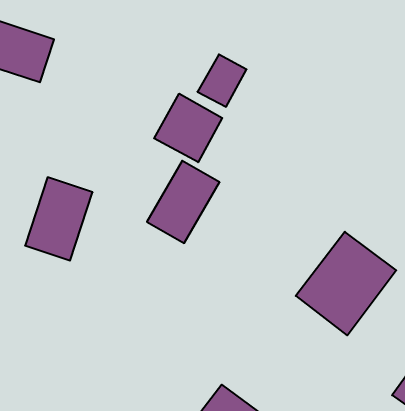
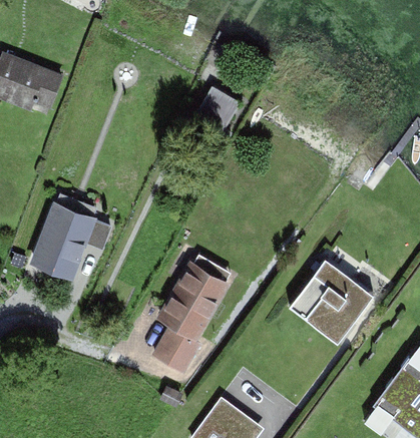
building: [154,94,222,162] -> none
building: [147,161,220,243] -> [160,262,229,339]
building: none -> [152,329,198,373]

